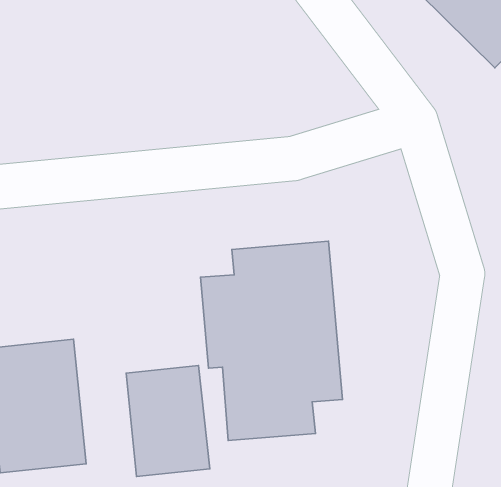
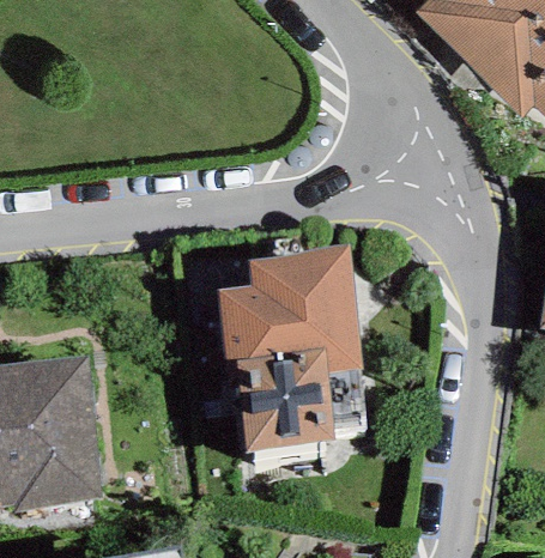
building: [126,365,210,477] -> none

